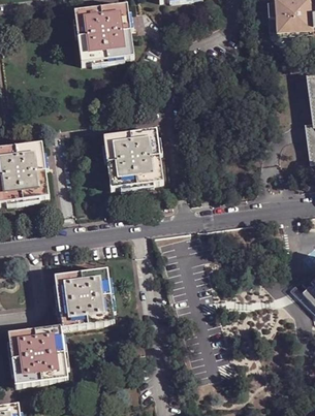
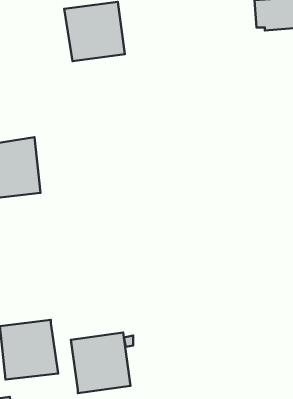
building: [104,129,164,189] -> none
building: [53,267,113,328] -> [71,333,130,393]

